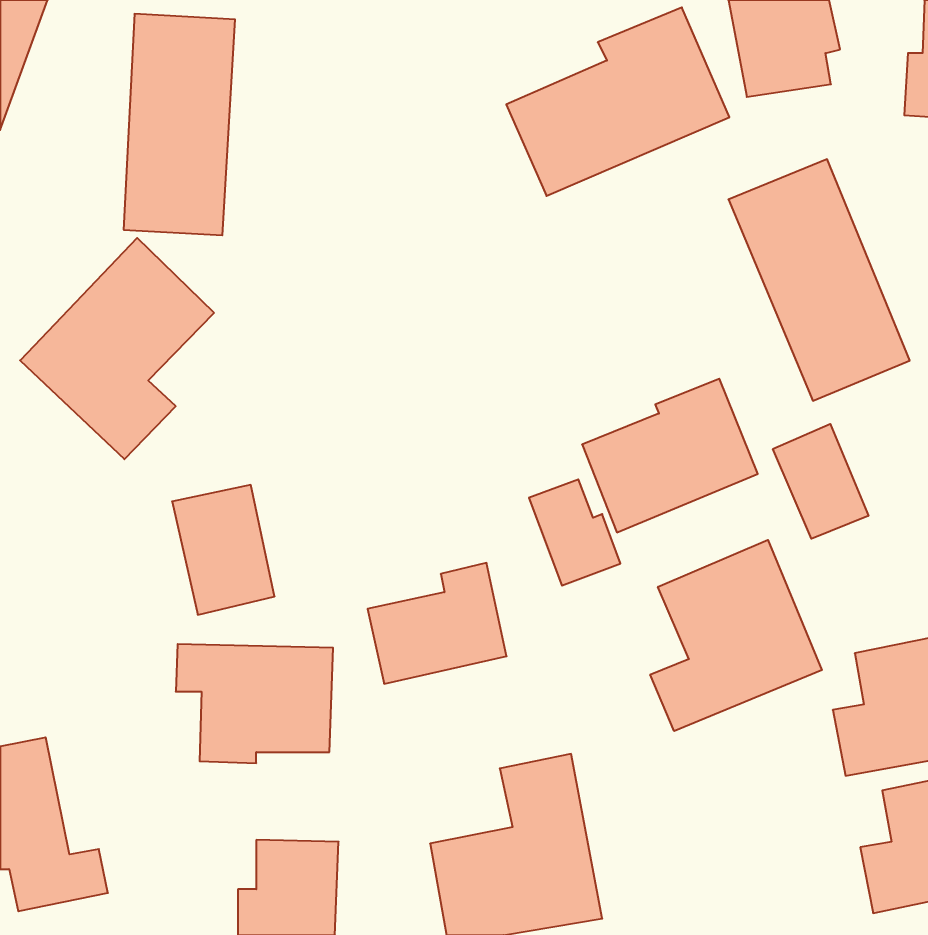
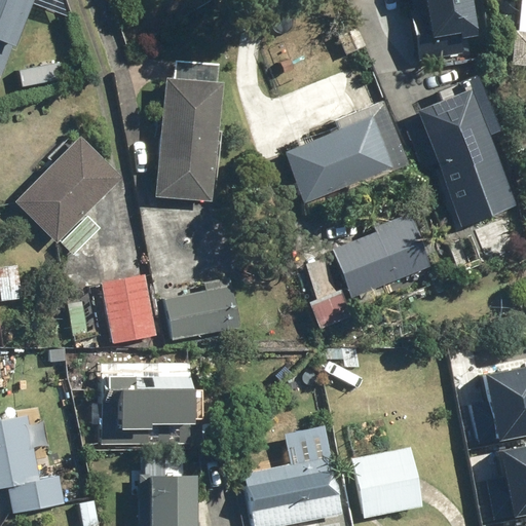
building: [506,7,729,196] -> [281,100,407,205]
building: [124,14,235,235] -> [157,76,220,200]
building: [773,424,868,539] -> none
building: [650,540,822,731] -> none
building: [368,563,507,684] -> [165,274,243,342]
building: none -> [353,448,423,519]

